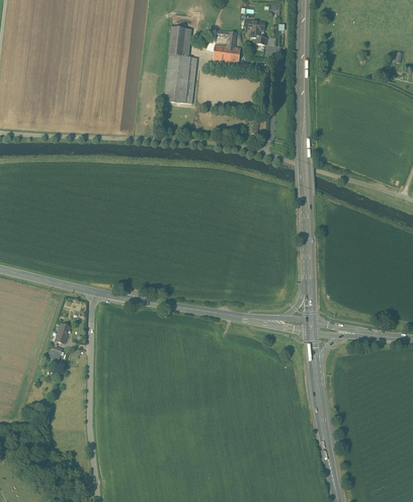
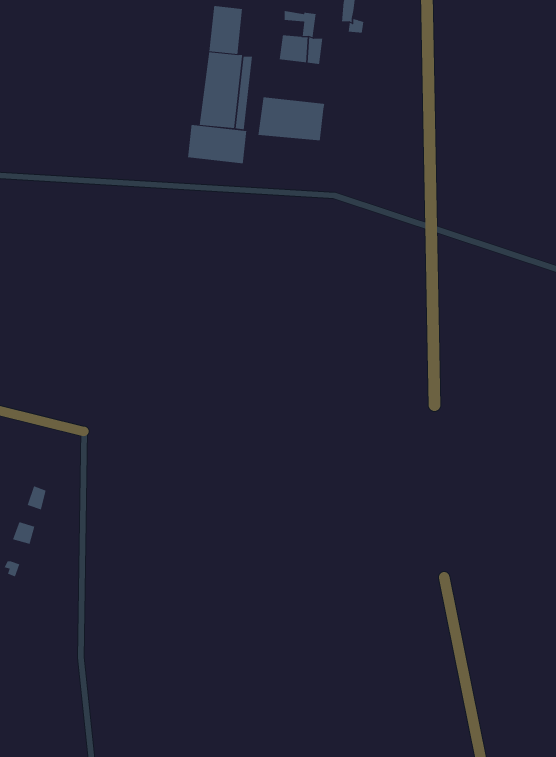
building: none -> [258,96,325,141]
building: none -> [188,124,247,164]

